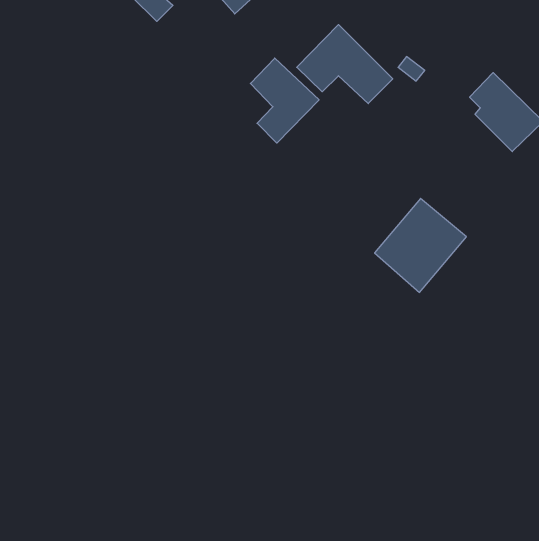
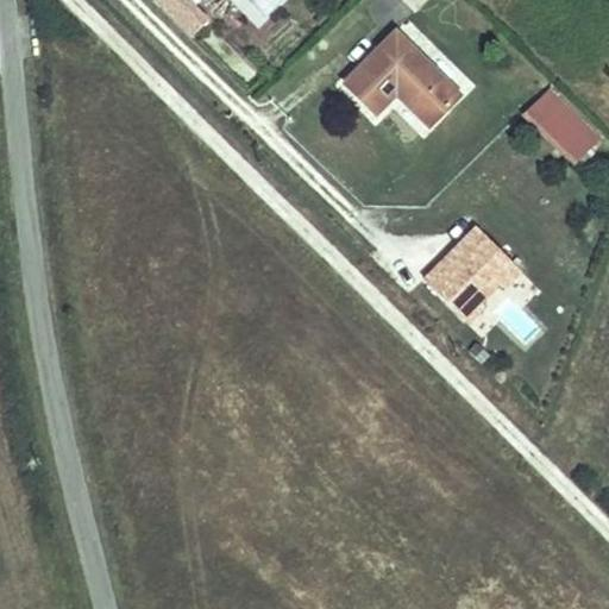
building: [250,58,319,143] -> none

